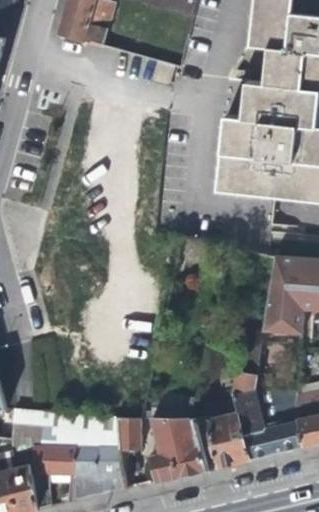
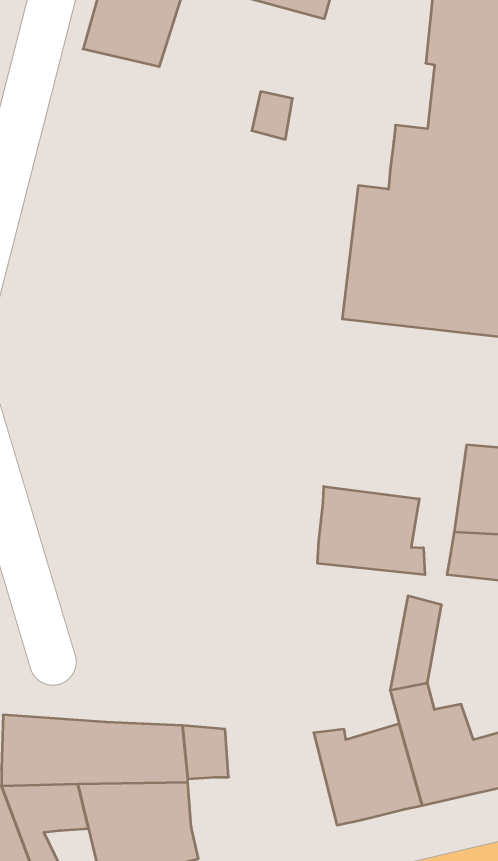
building: none -> [318,486,425,575]
building: [149,418,201,483] -> none

